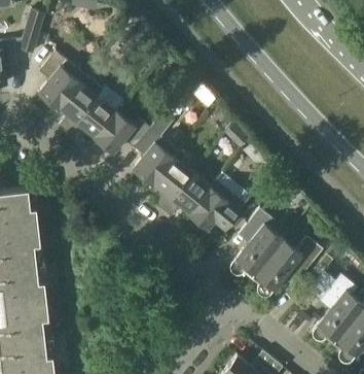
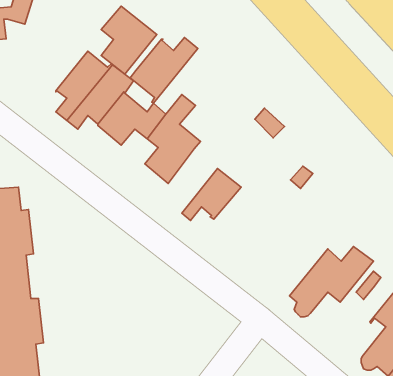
building: [39,53,85,109] -> [101,6,157,74]
building: none -> [130,37,198,103]
building: [152,158,193,211] -> none
building: [190,176,251,231] -> none
building: [230,209,285,280] -> none

